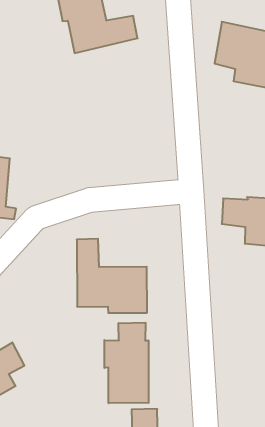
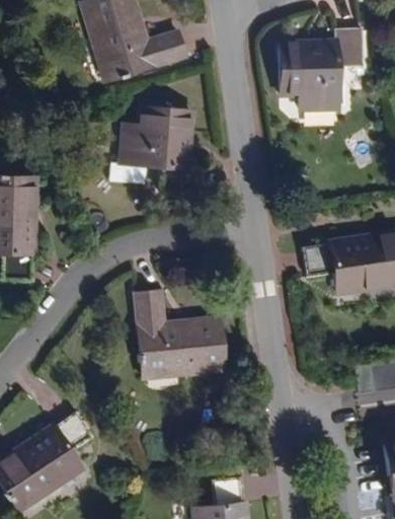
building: none -> [123,108,201,197]
building: [104,323,149,403] -> none

